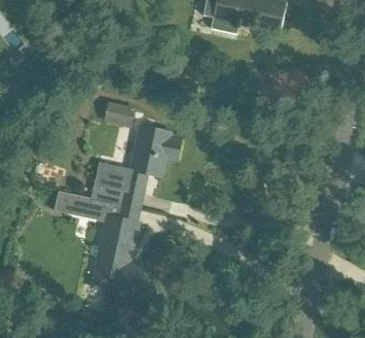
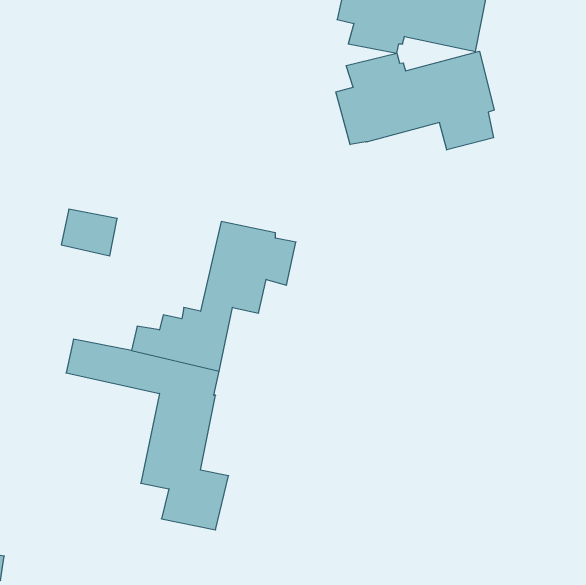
building: none -> [336,51,494,150]
building: [105,101,136,127] -> [61,209,117,256]

